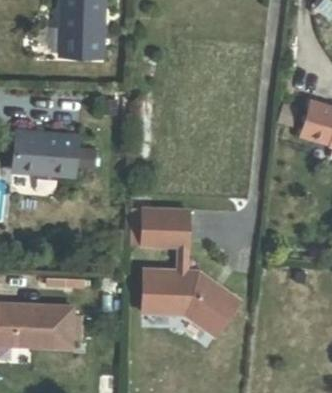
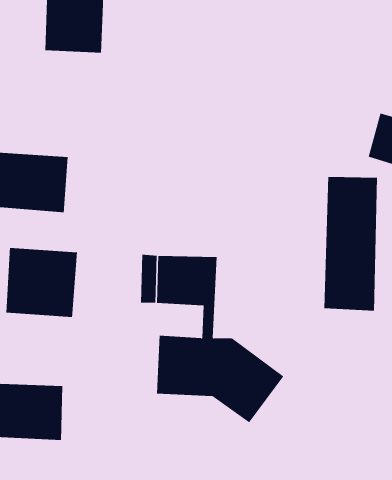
building: none -> [324,176,377,312]
building: none -> [6,247,78,318]

